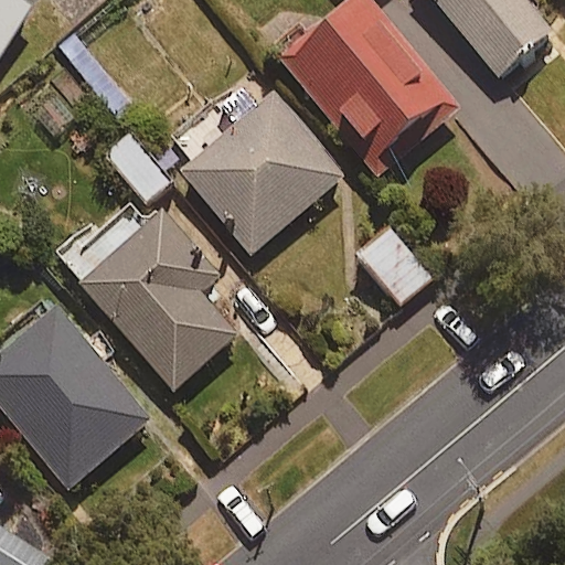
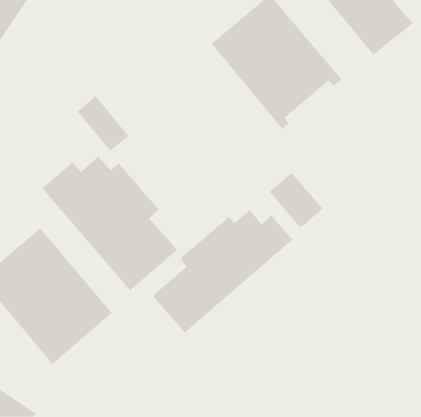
building: [183,93,344,253] -> none
building: none -> [152,209,293,333]

